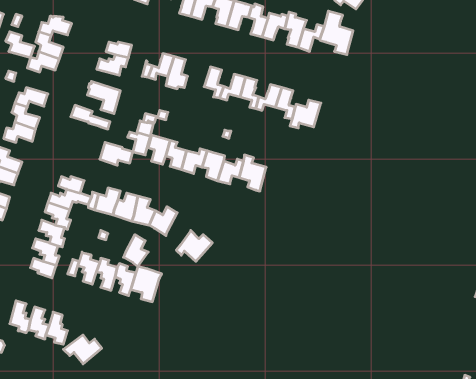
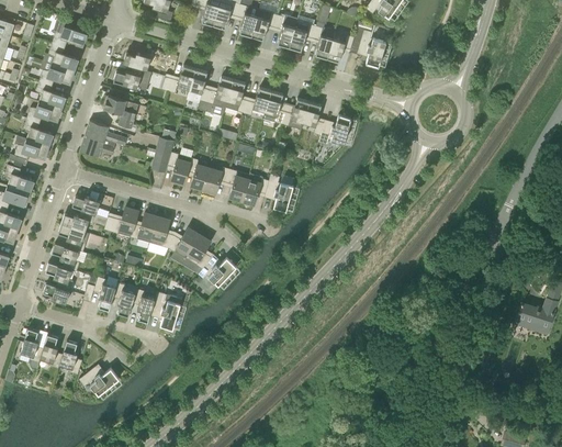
building: [6,32,35,58] -> [35,81,66,109]
building: none -> [206,77,234,109]
building: [100,142,133,165] -> [80,133,115,157]
building: [123,235,148,267] -> [187,235,213,269]

